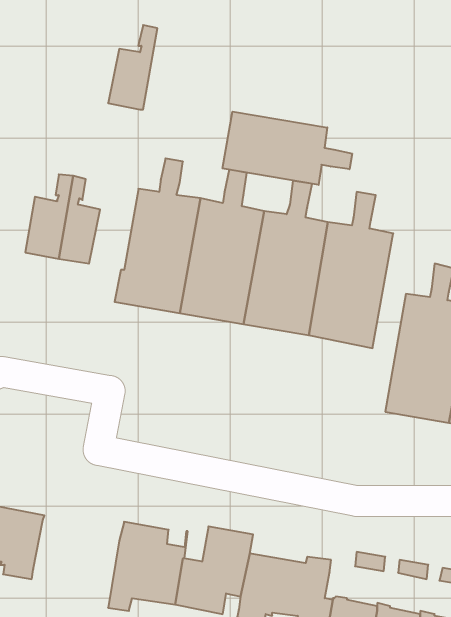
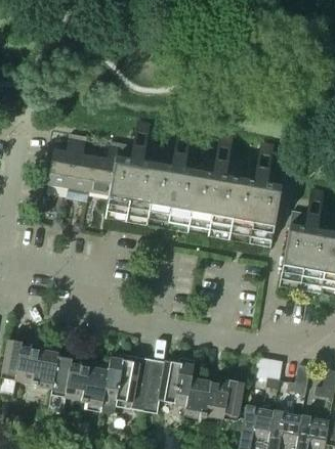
building: [108,25,157,110] -> [88,140,120,194]
building: [223,112,352,185] -> none
building: none -> [48,355,108,411]

